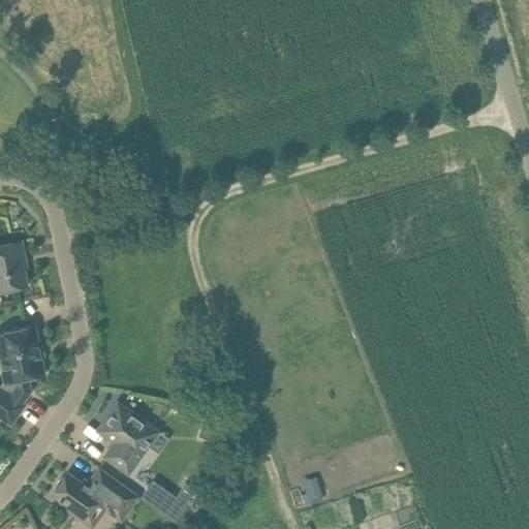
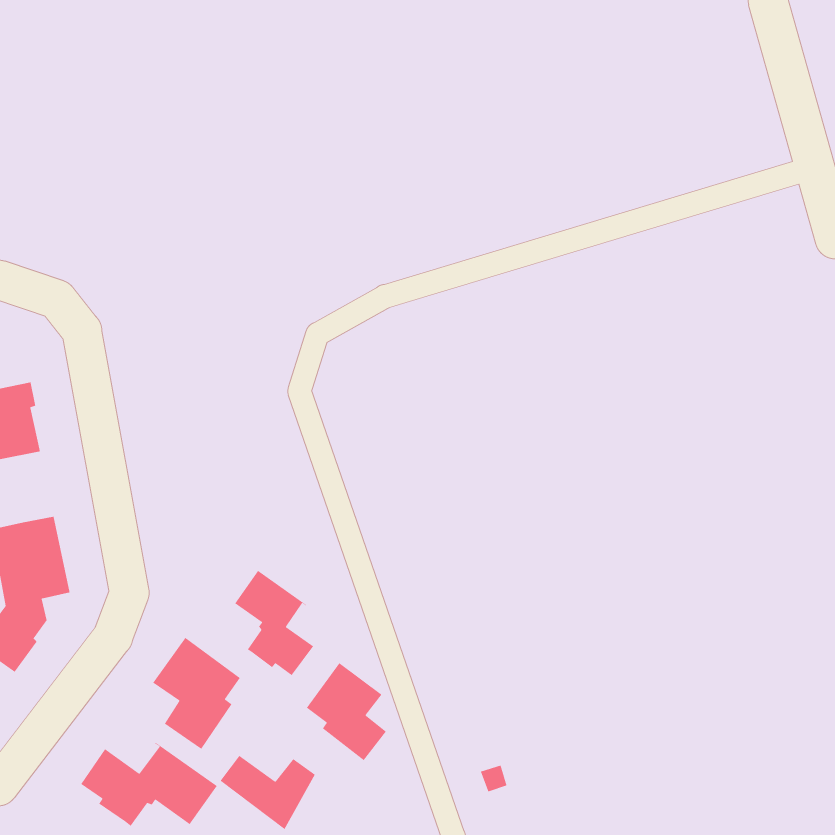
building: none -> [234,570,314,676]
building: none -> [306,662,387,761]

